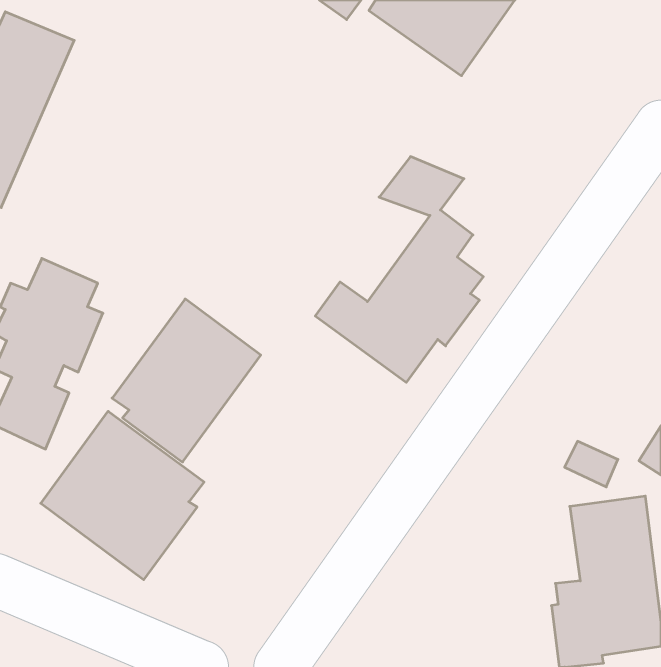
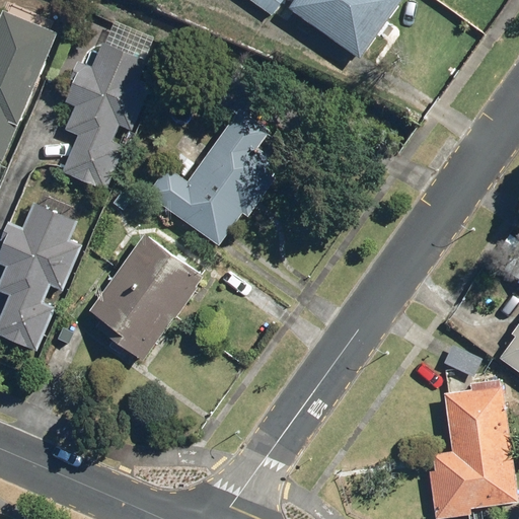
building: none -> [62,41,149,189]
building: [315,157,483,382] -> [146,68,277,243]
building: [41,411,204,580] -> none

